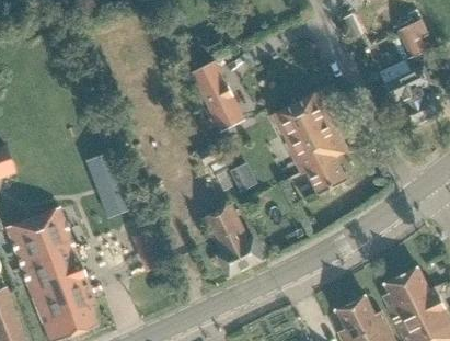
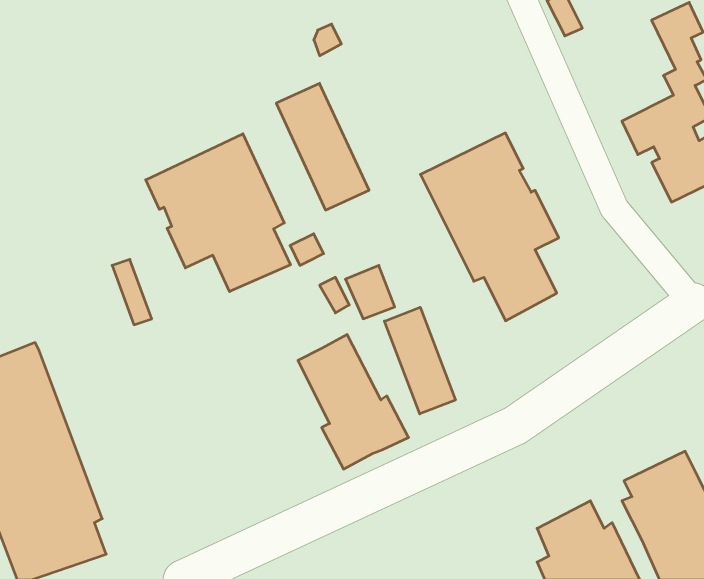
building: none -> [146,134,290,292]
building: none -> [384,307,455,414]

